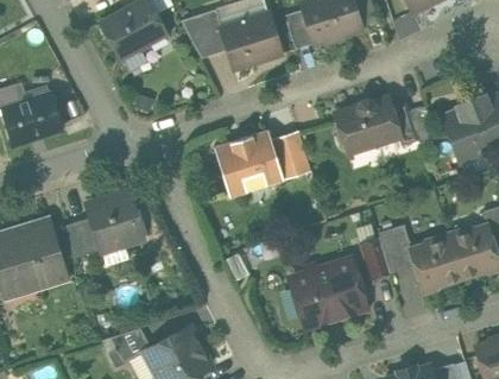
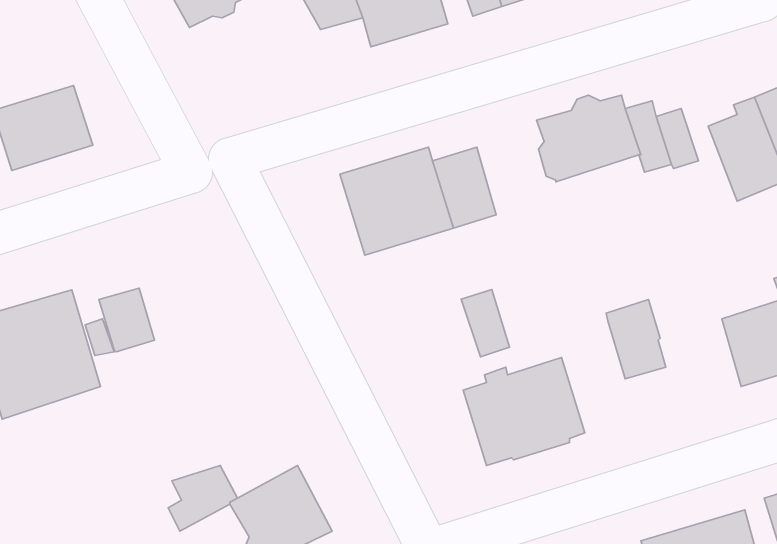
building: [87,194,143,249] -> none
building: [410,236,461,290] -> none
building: [360,238,390,279] -> [461,289,509,357]

